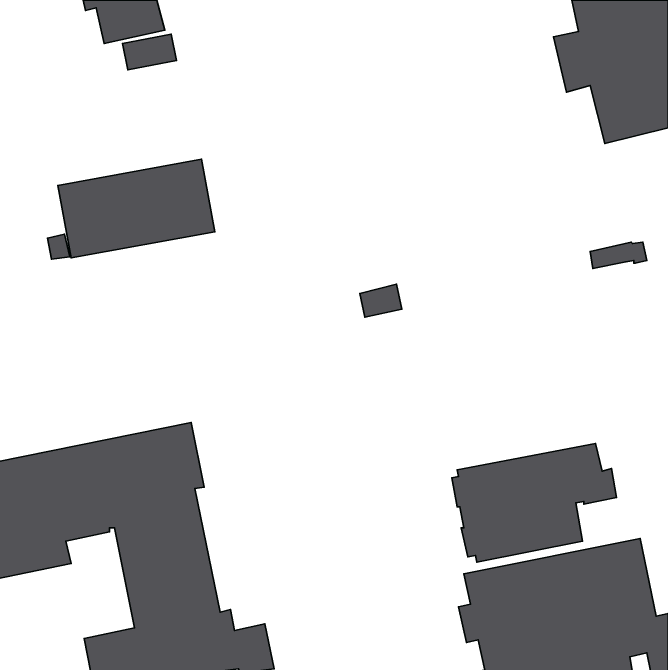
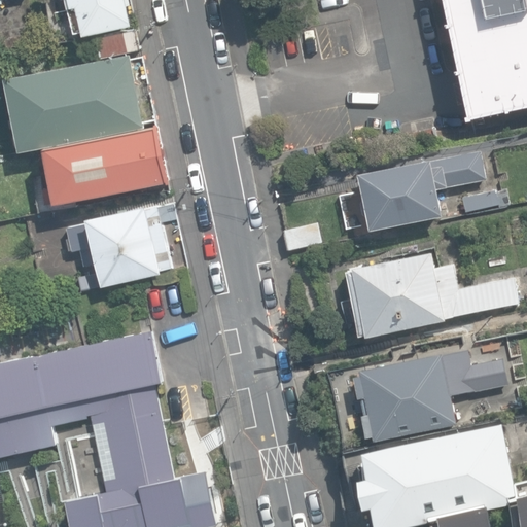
building: none -> [6,56,142,151]
building: none -> [359,151,485,231]
building: none -> [64,207,169,291]
building: none -> [347,252,516,336]

